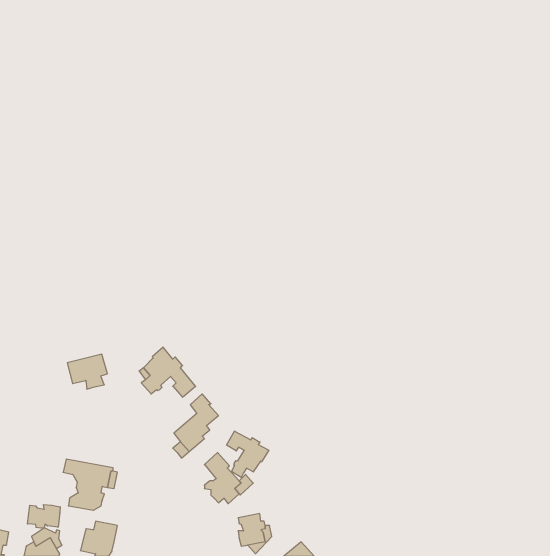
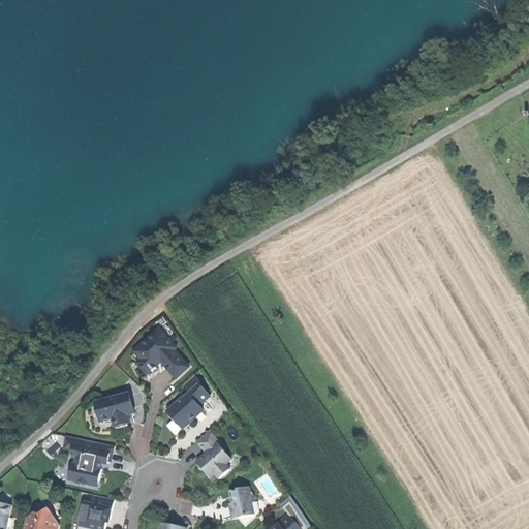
building: [67,354,107,389] -> [93,394,131,427]
building: [227,431,269,477] -> none
building: [28,505,60,528] -> none

